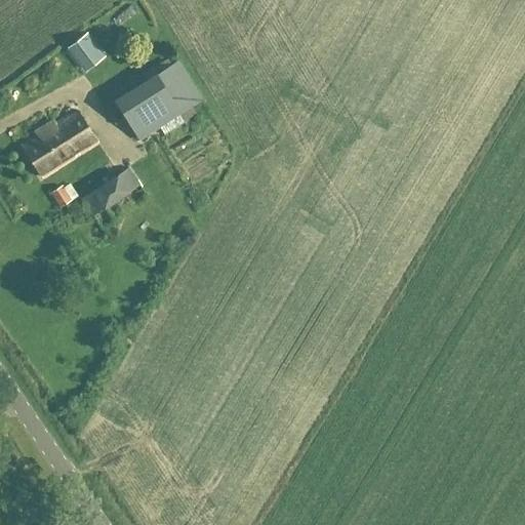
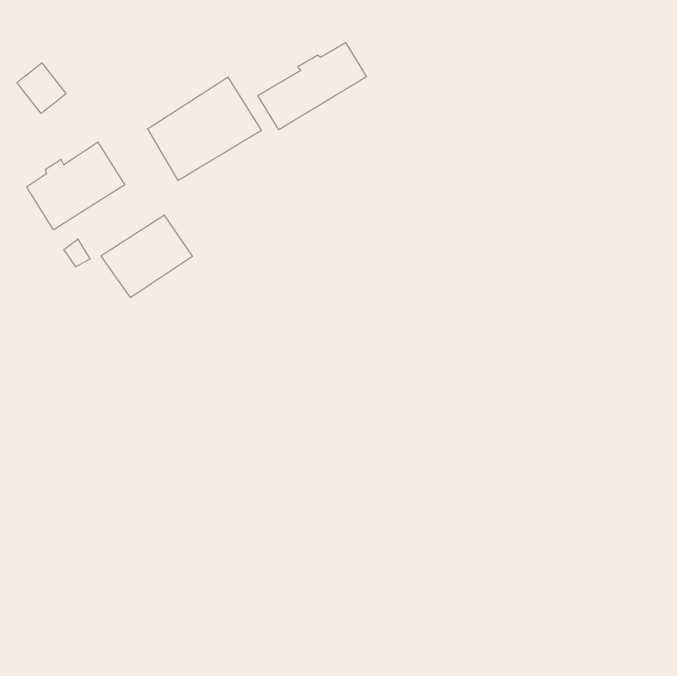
building: [67,32,105,71] -> [17,63,66,113]
building: none -> [258,43,367,130]

